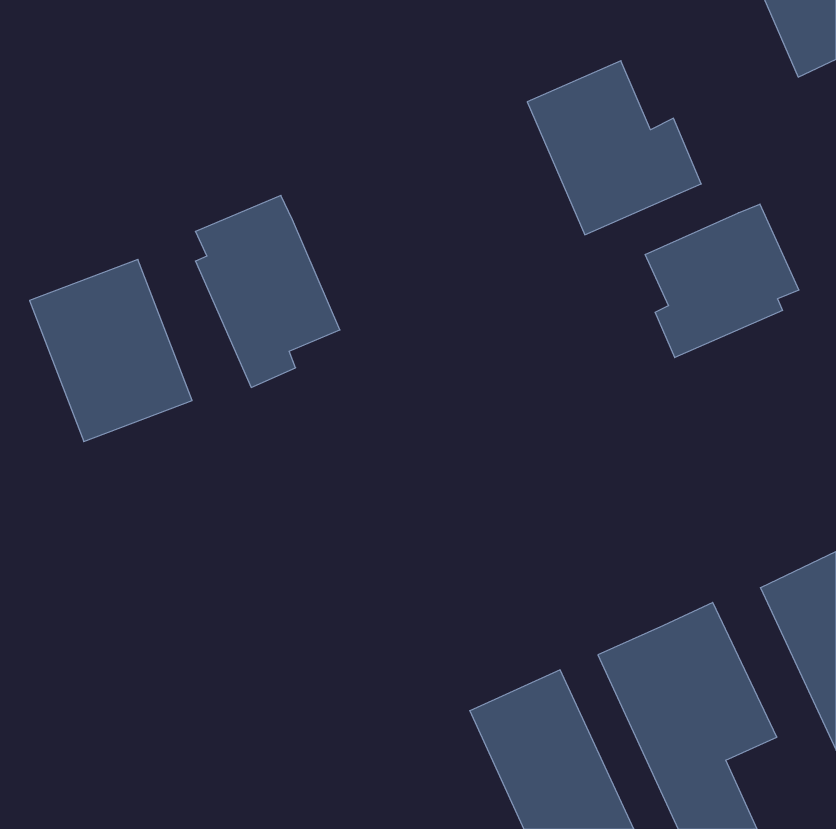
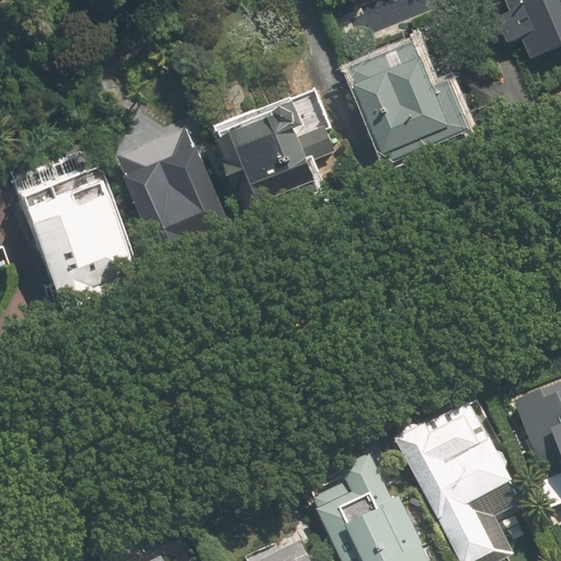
building: none -> [220,96,327,216]
building: [645,204,799,358] -> none

